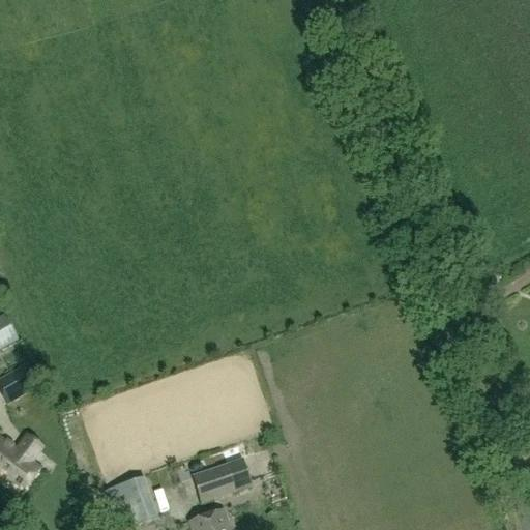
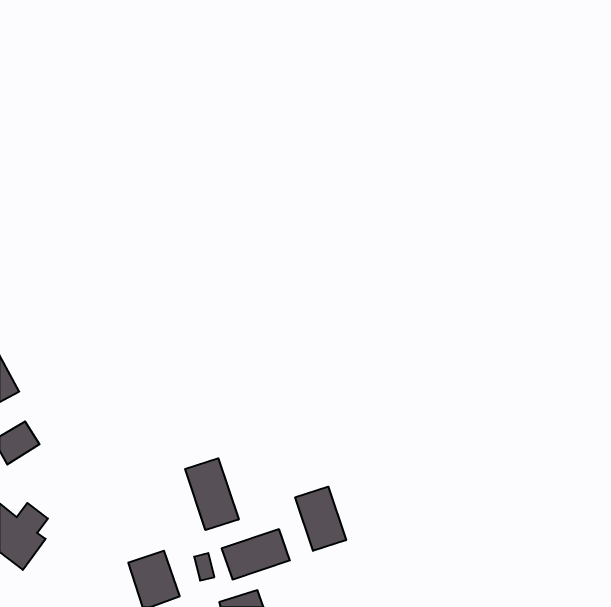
building: none -> [185,458,239,530]
building: none -> [295,487,346,551]

